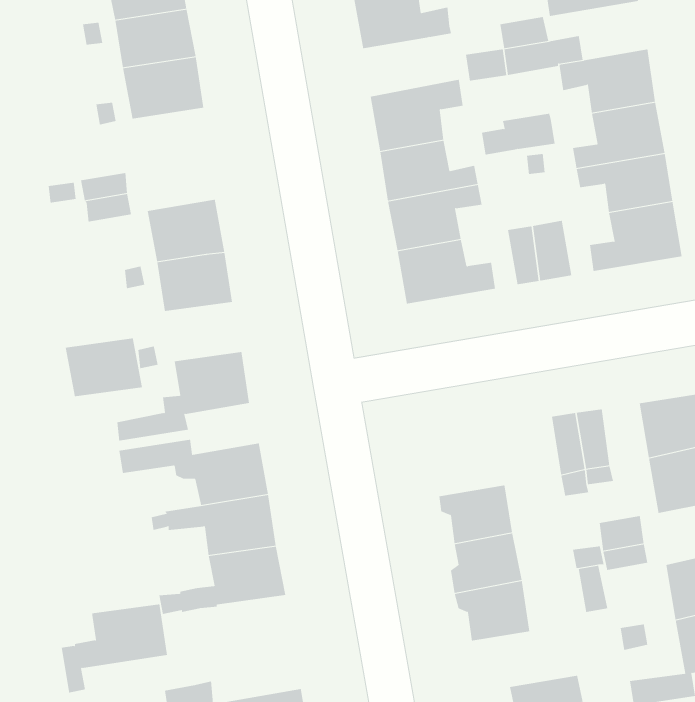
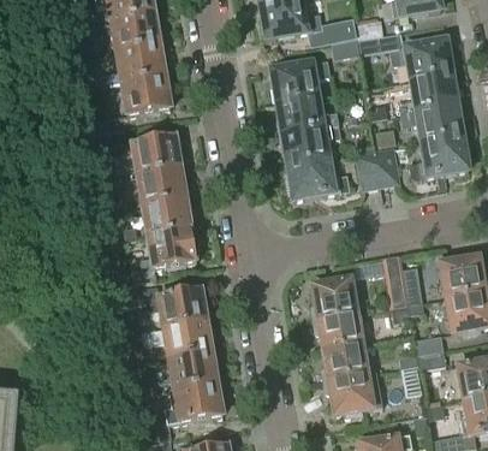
building: none -> [121,75,173,114]
building: [481,113,555,155] -> [309,18,356,44]
building: [65,338,143,397] -> [142,197,191,235]
building: none -> [311,275,359,320]
building: [61,604,168,693] -> [156,382,224,439]

